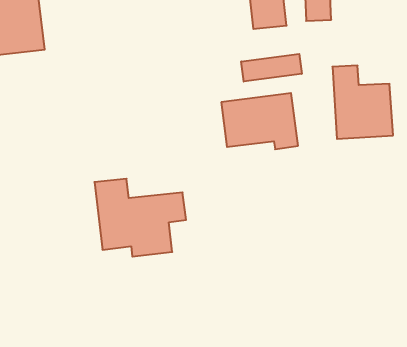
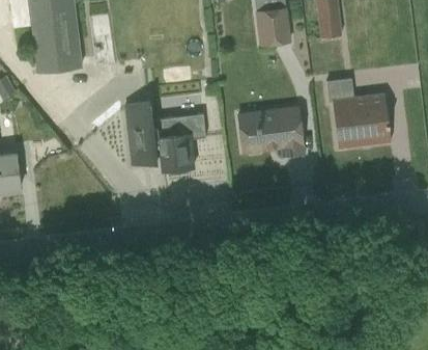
building: [241,54,302,82] -> none
building: [94,179,186,257] -> [126,102,209,172]

